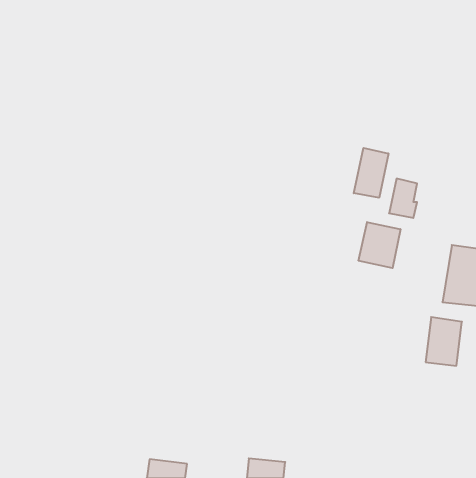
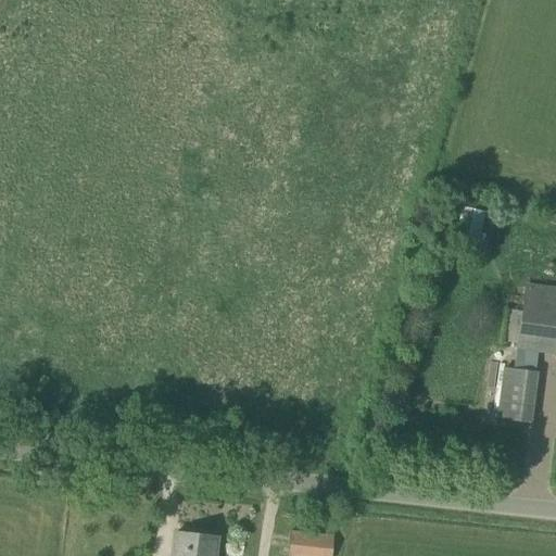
building: [354,148,388,198] -> none
building: [359,222,400,268] -> none

